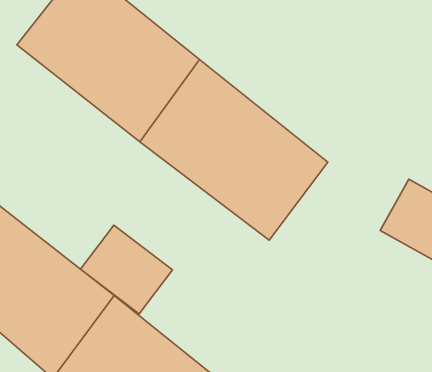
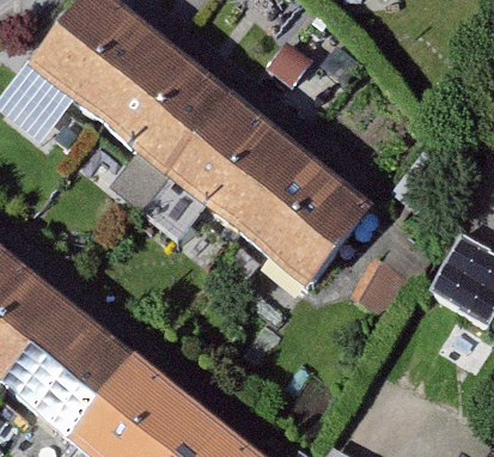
building: [80,225,172,314] -> none

